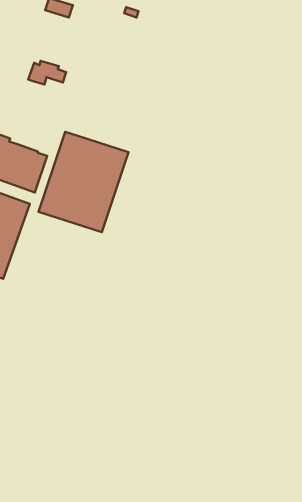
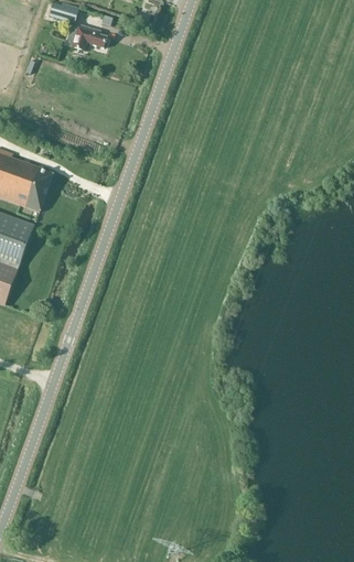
building: [28,61,66,84] -> [65,24,106,50]
building: [39,132,128,232] -> none

